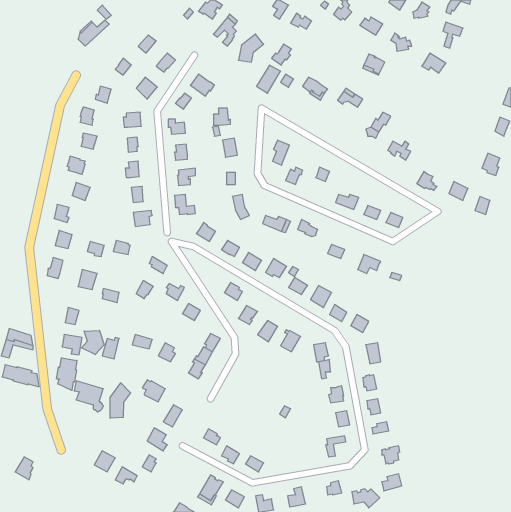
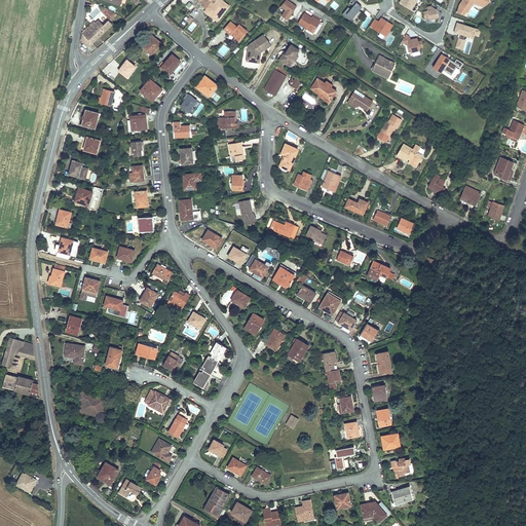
building: [81,330,104,355] -> none
building: [57,358,77,390] -> none
building: [110,383,131,418] -> none

